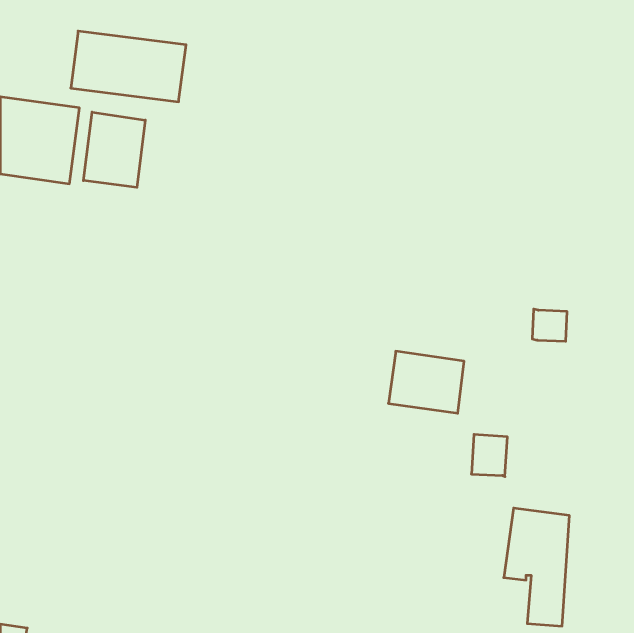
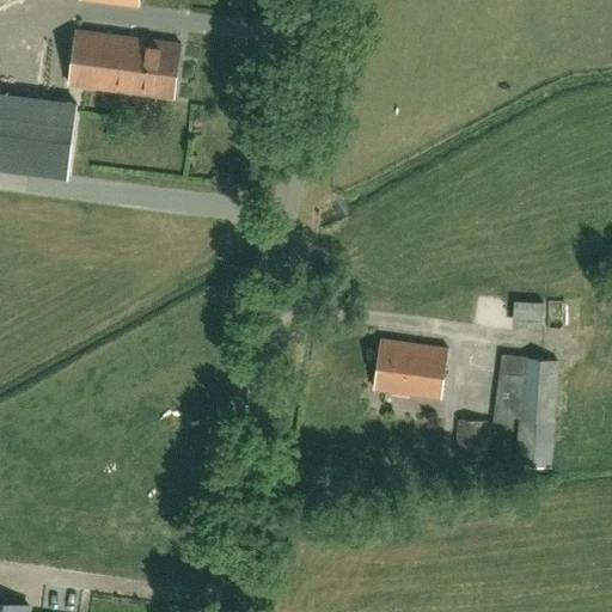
building: [83,112,145,187] -> none
building: [504,508,569,626] -> [492,355,556,469]

